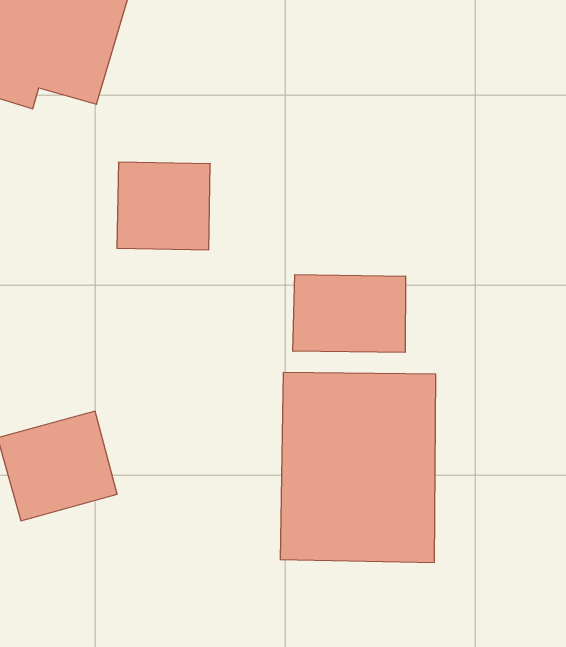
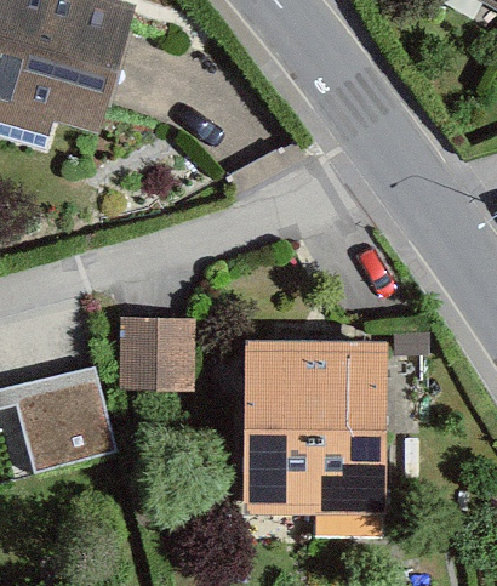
building: [117,162,210,250] -> [119,315,195,387]
building: [293,275,405,352] -> none

